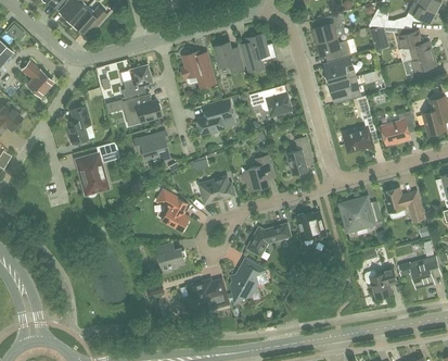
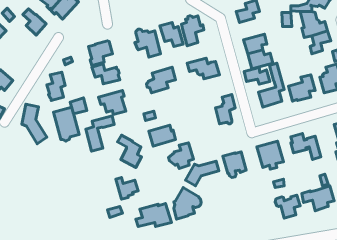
building: [317,36,350,58] -> [244,67,270,84]
building: [22,62,52,97] -> [23,9,46,35]
building: none -> [22,104,47,144]
building: [241,155,273,189] -> [169,143,193,168]
building: none -> [86,116,114,151]

